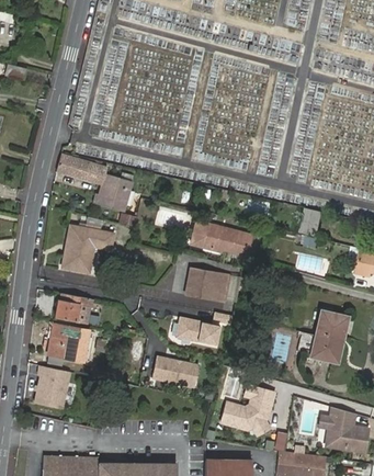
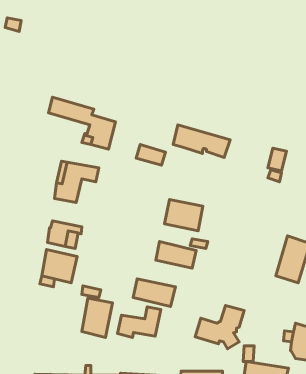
building: [190,220,253,257] -> [173,125,230,157]
building: [36,366,70,410] -> [82,298,112,337]
building: none -> [117,307,161,337]

